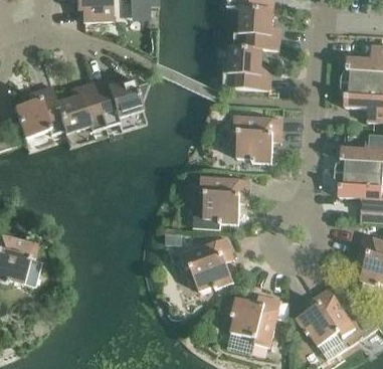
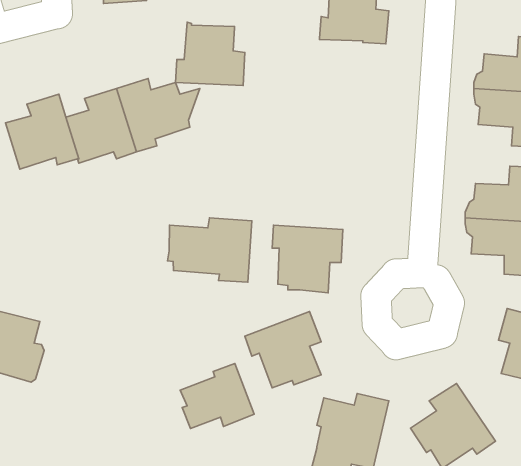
building: [222,45,270,89] -> [175,22,245,86]
building: [233,116,283,163] -> none
building: none -> [168,218,252,282]
building: none -> [180,363,254,429]

